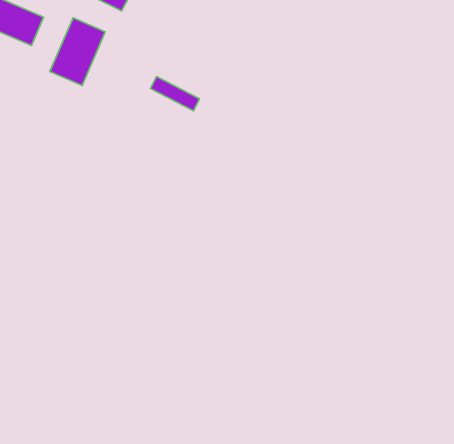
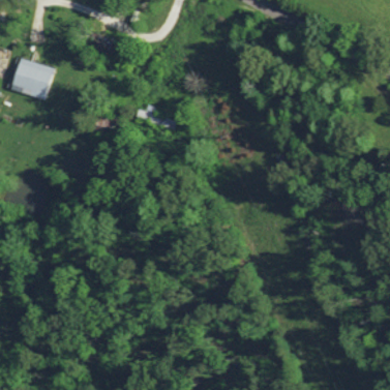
building: [50,18,105,86] -> none

